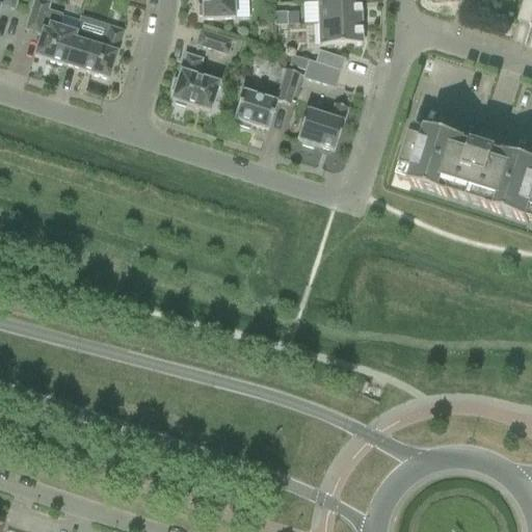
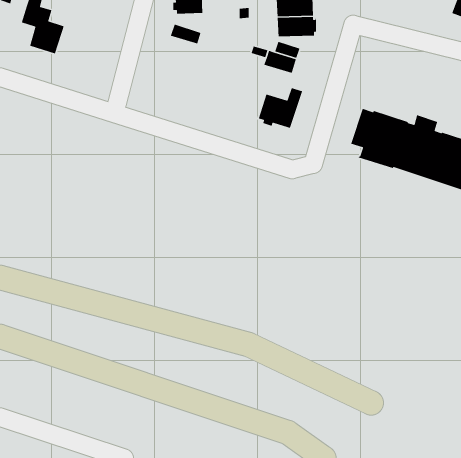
building: [66,23,126,76] -> none
building: [174,51,220,108] -> none
building: [235,65,301,127] -> none

